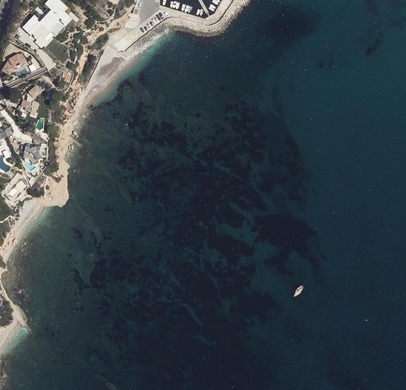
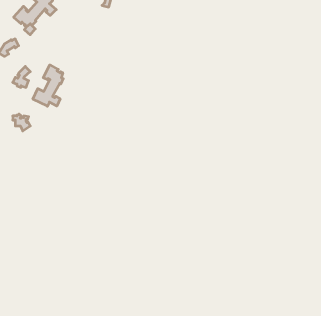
building: none -> [33,65,63,106]

